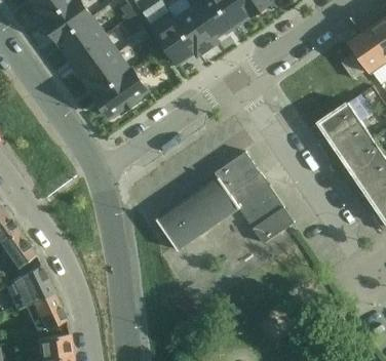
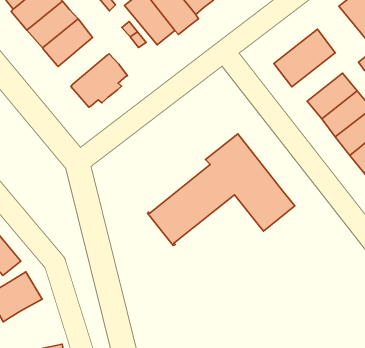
building: [84,52,130,94] -> none
building: none -> [274,29,335,87]
building: [33,292,67,330] -> none

